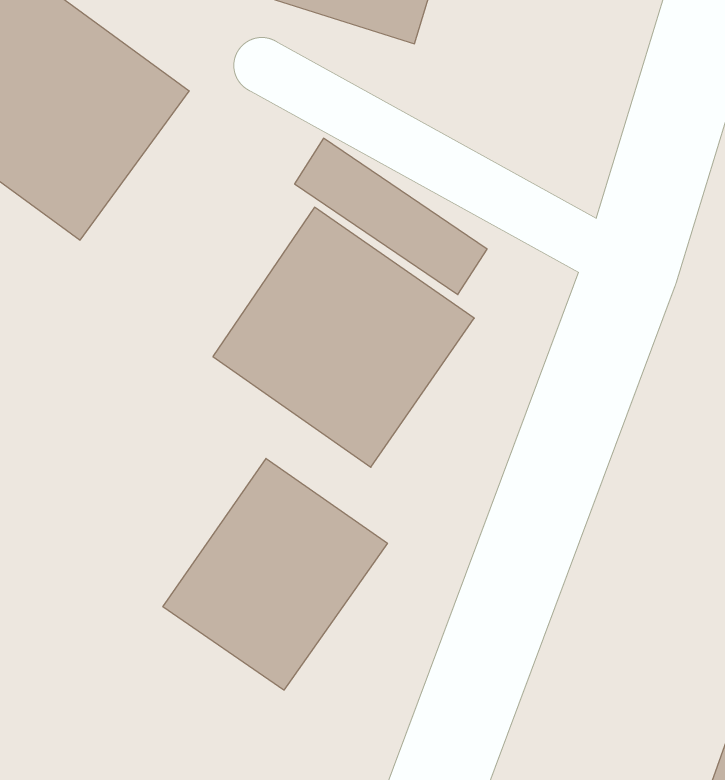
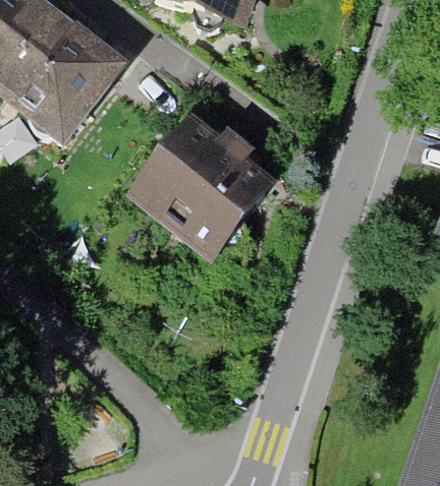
building: [163,458,387,690] -> none

